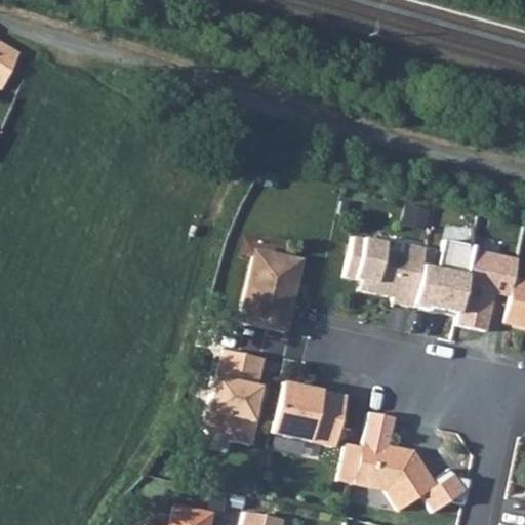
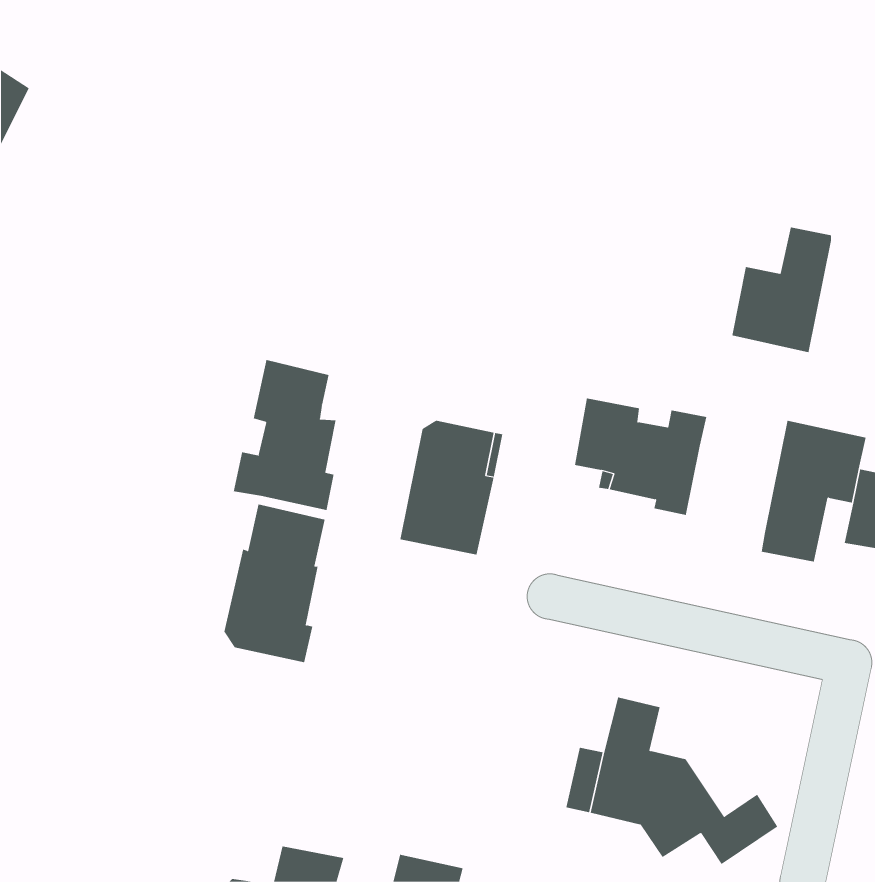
building: none -> [233,359,336,511]
building: [412,241,472,316] -> [731,227,832,353]
building: [204,348,265,442] -> [223,504,325,663]
building: [271,385,346,448] -> none

